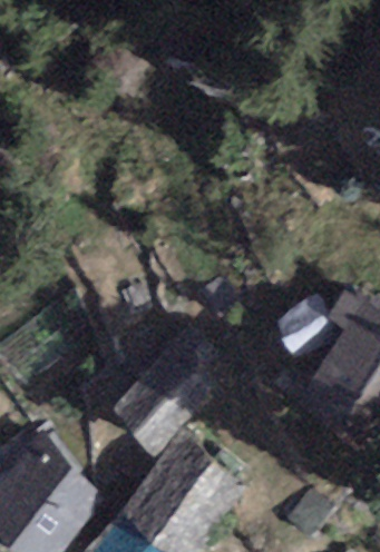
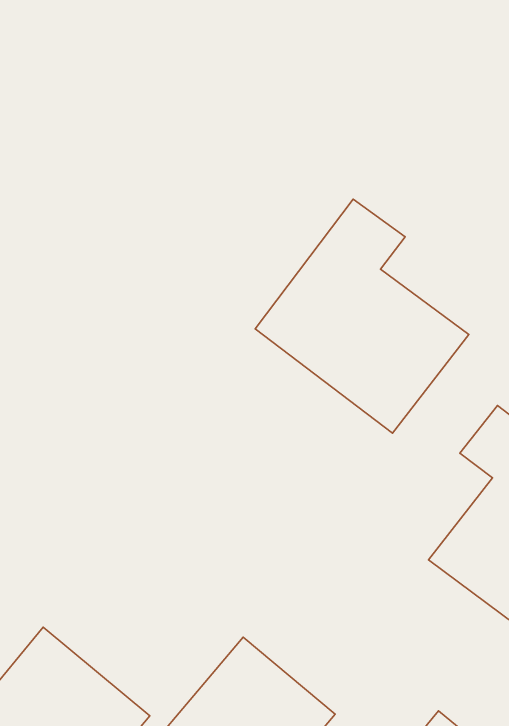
building: none -> [255,199,469,433]
building: [107,325,217,461] -> none

